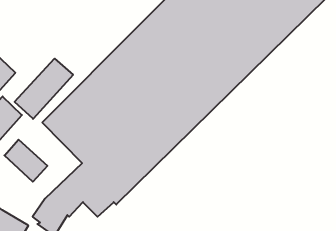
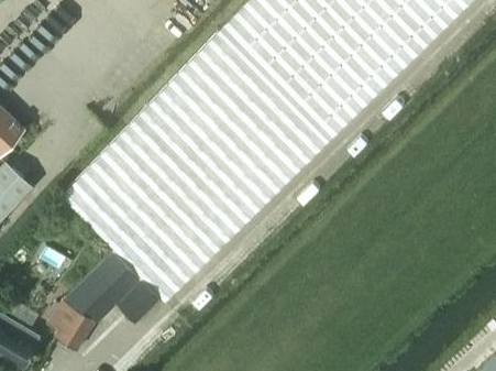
building: [15,59,73,119] -> none
building: [4,140,47,182] -> none

